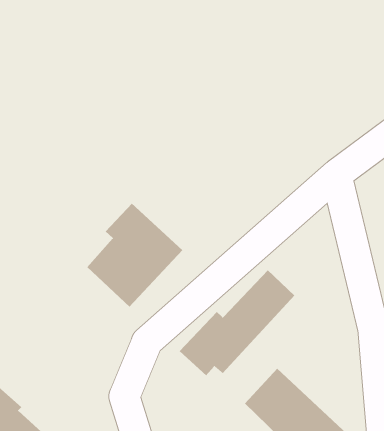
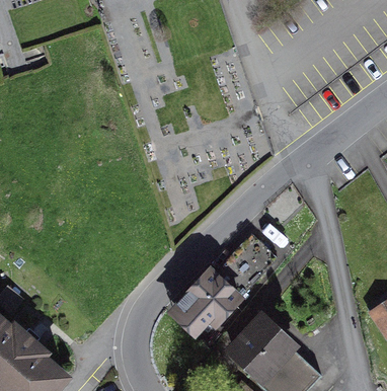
building: [87,203,183,307] -> none

